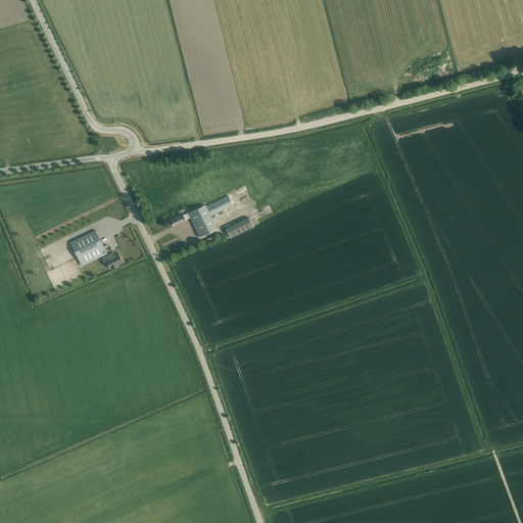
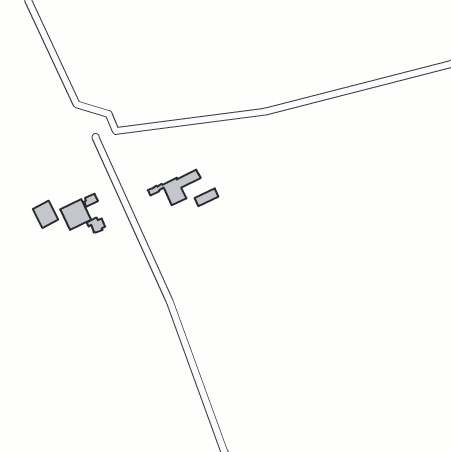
building: none -> [33,201,58,228]

